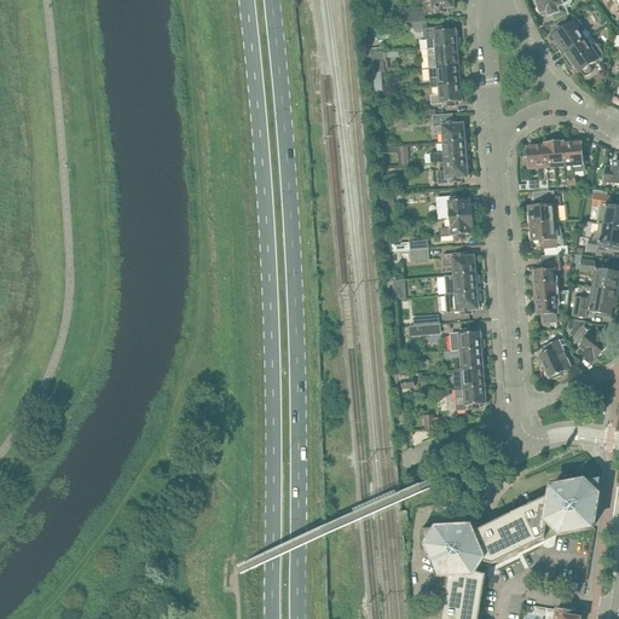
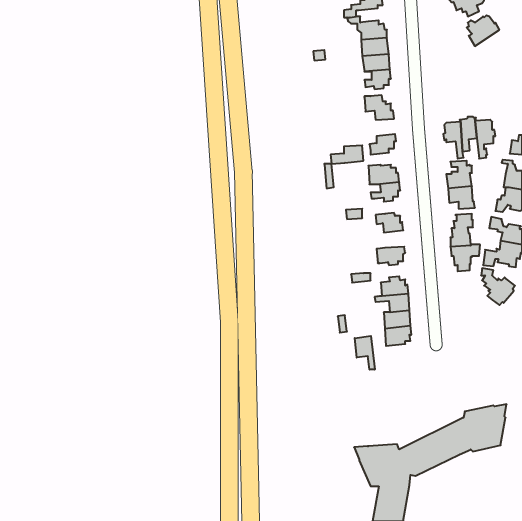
building: [561,35,601,74] -> none
building: [428,140,467,162] -> [331,145,363,164]
building: [445,272,478,294] -> none
building: [537,331,569,378] -> none
building: none -> [355,336,375,370]

